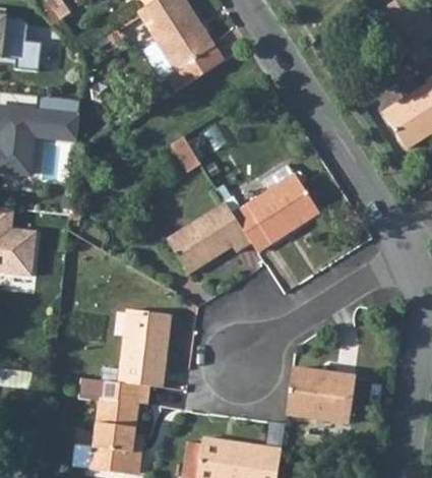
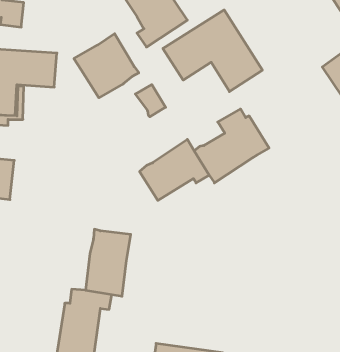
building: none -> [163,10,262,92]
building: none -> [74,34,139,98]
building: [282,372,352,429] -> none

